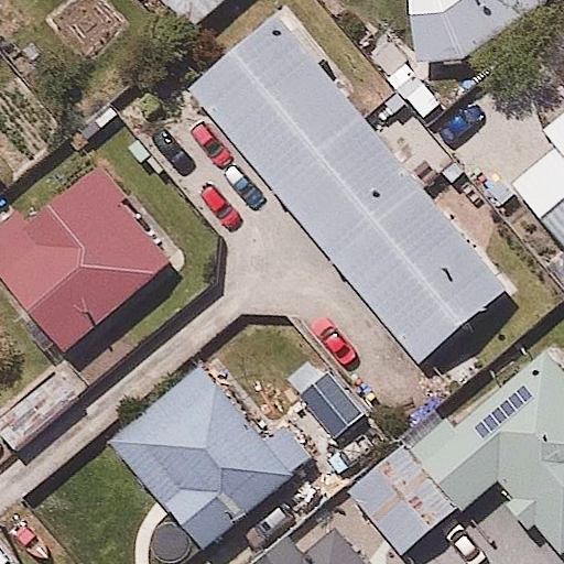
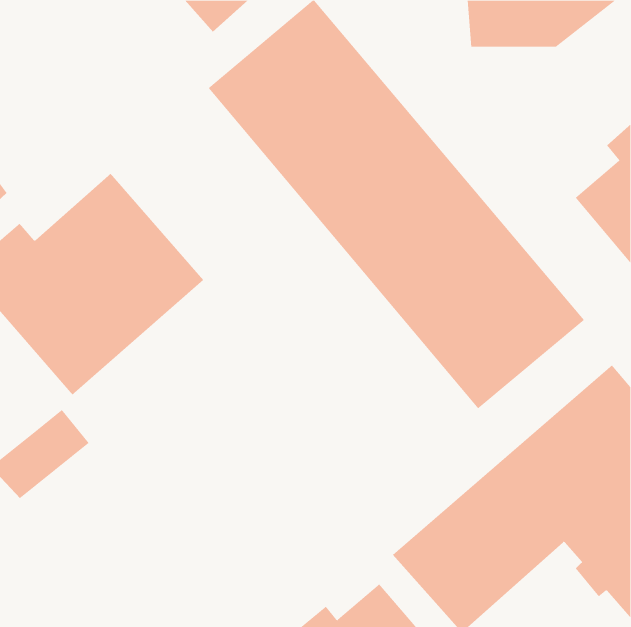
building: [107,360,312,552] -> none

